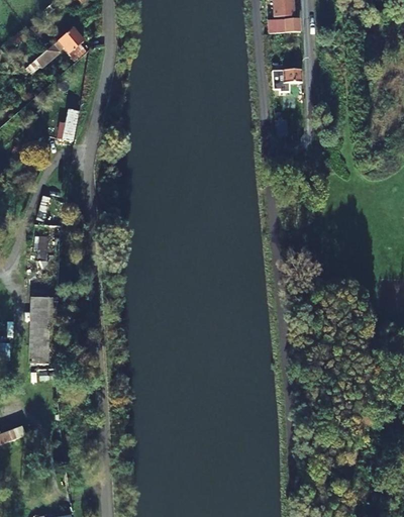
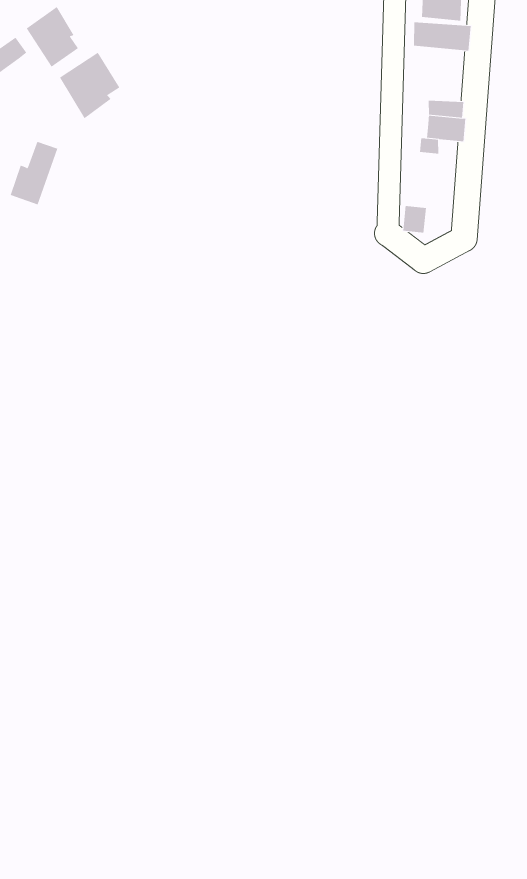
building: none -> [59,52,120,119]

